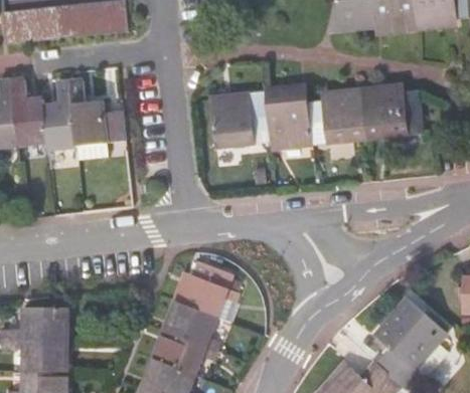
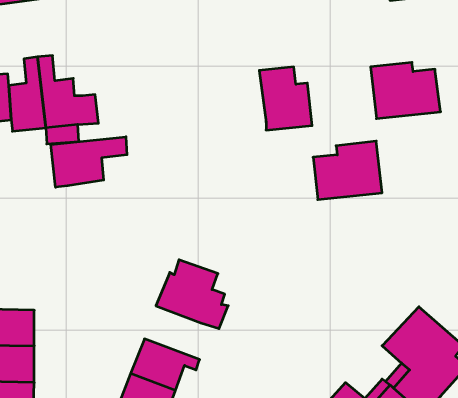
building: [308,91,368,143] -> [313,141,382,200]
building: [210,94,272,147] -> none
building: none -> [51,137,127,187]
building: [165,301,216,348] -> none

